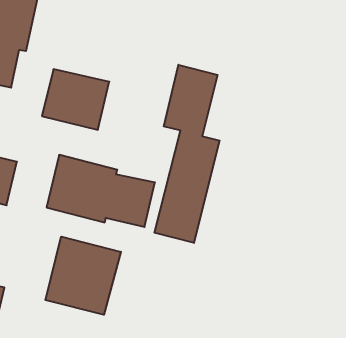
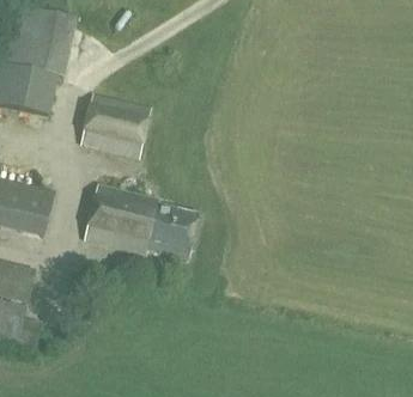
building: [155,65,220,243] -> none
building: [45,237,121,315] -> none

